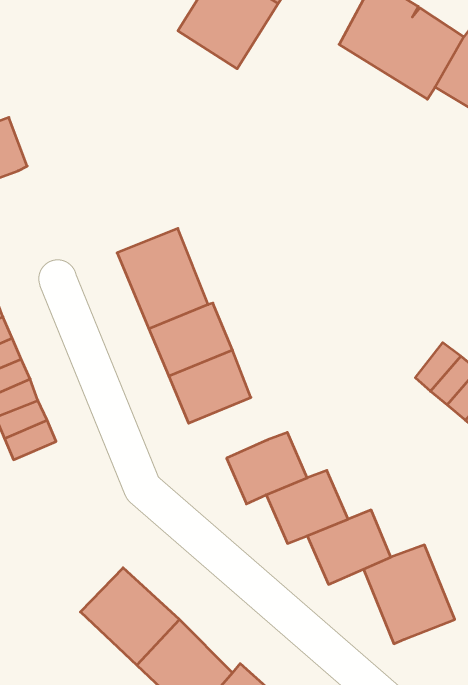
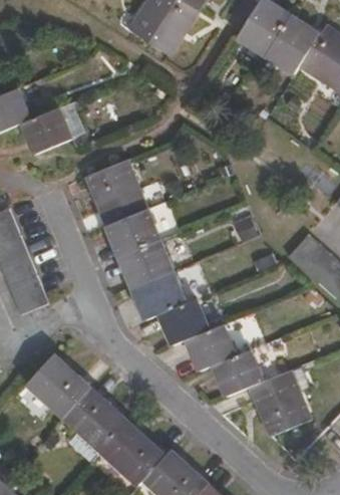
building: none -> [23,108,72,156]
building: none -> [135,273,188,318]
building: none -> [28,350,92,415]

